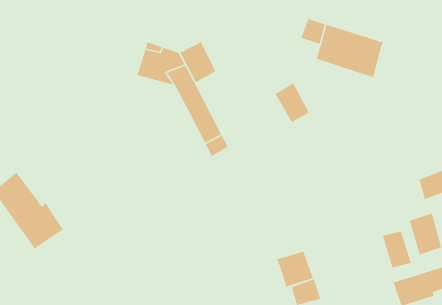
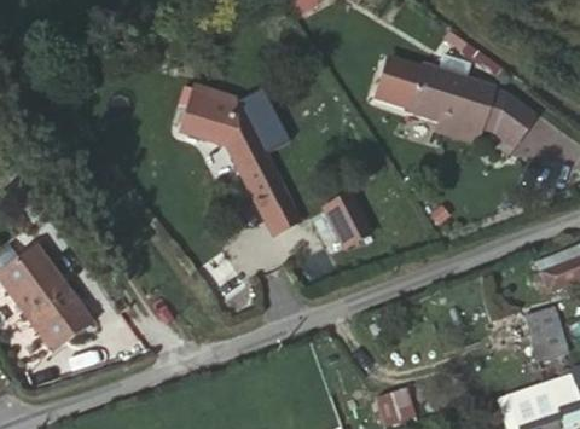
building: none -> [483,94,532,144]
building: [274,82,310,123] -> [324,195,369,247]
building: [382,231,412,269] -> none
building: [277,250,314,288] -> none

